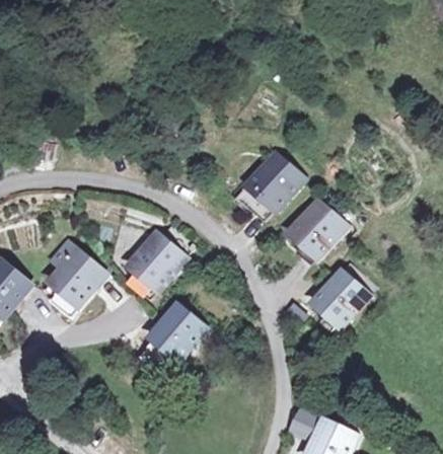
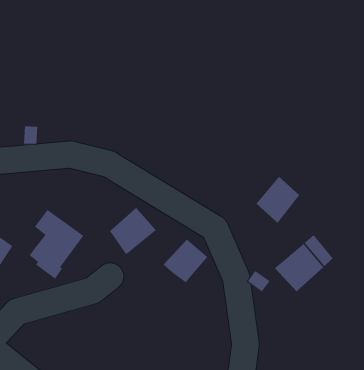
building: [250,158,296,208] -> none
building: [151,308,201,357] -> [163,239,208,283]

